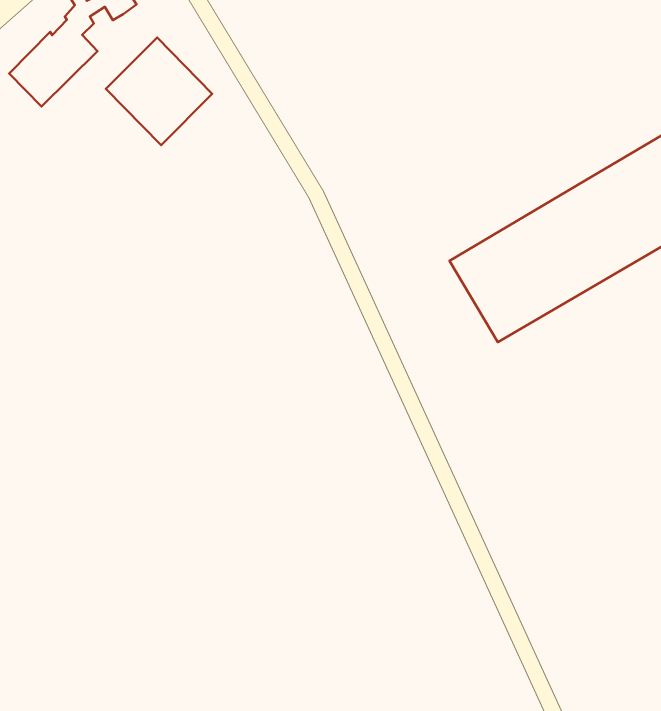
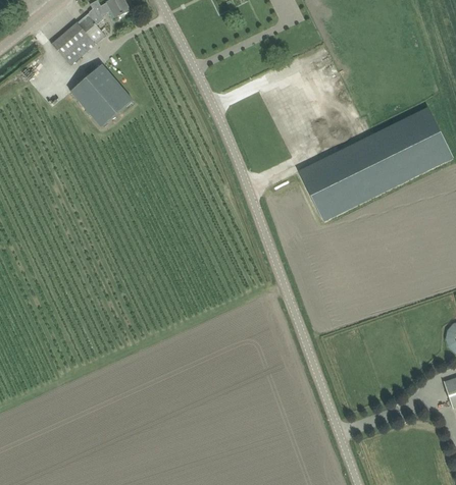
building: [106,38,212,145] -> [72,64,134,126]

